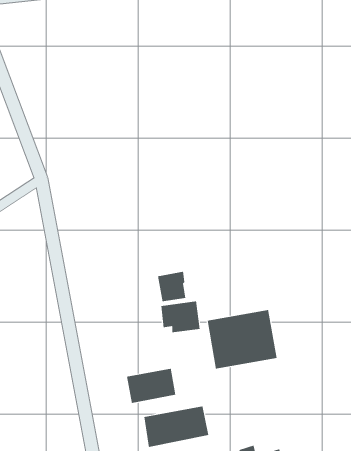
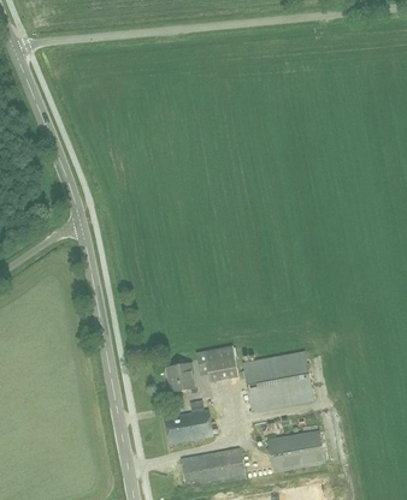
building: [157,271,186,302] -> [166,362,195,392]
building: none -> [267,430,324,471]

